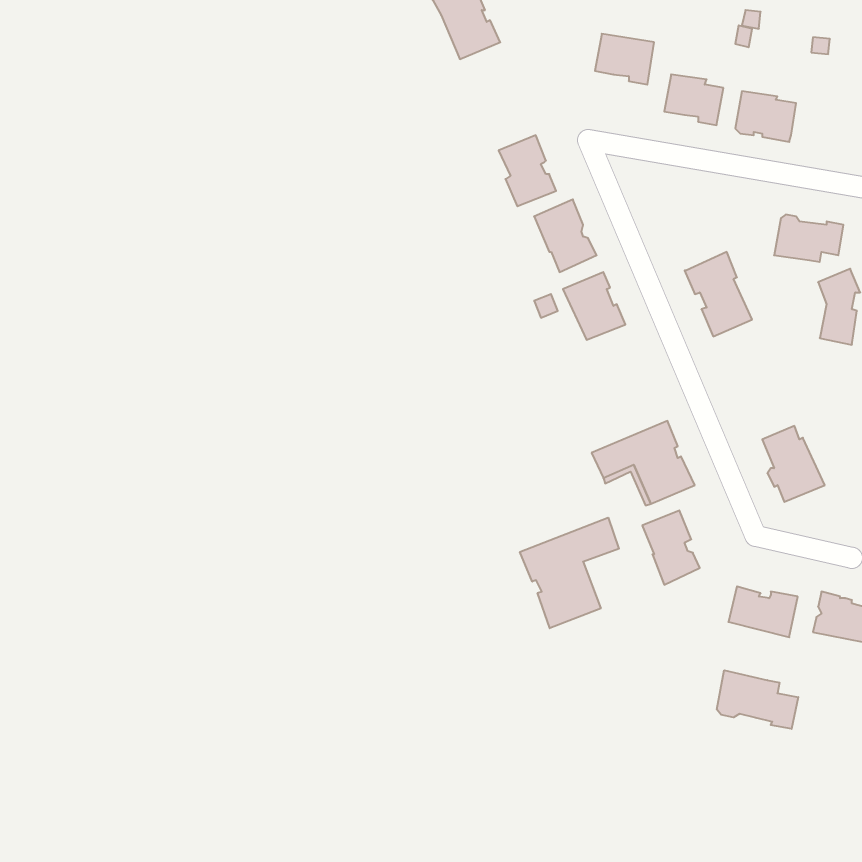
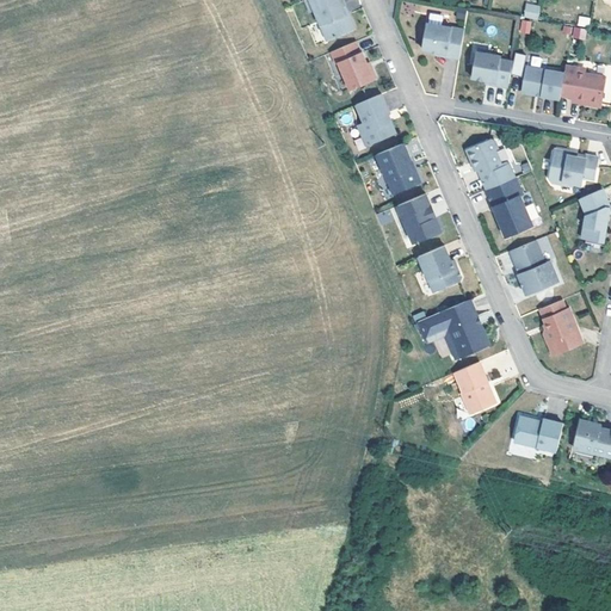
building: none -> [329,43,374,91]
building: none -> [560,67,604,106]
building: none -> [465,140,514,191]
building: none -> [508,241,558,296]
building: none -> [420,243,463,290]
building: [520,518,619,628] -> none
building: [717,670,798,729] -> none

